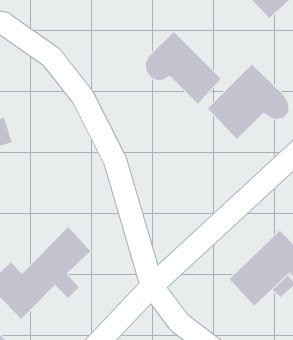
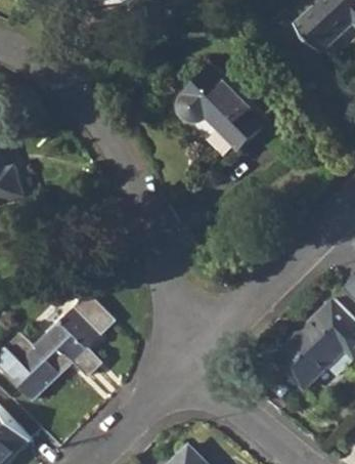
building: [207,64,289,140] -> none

